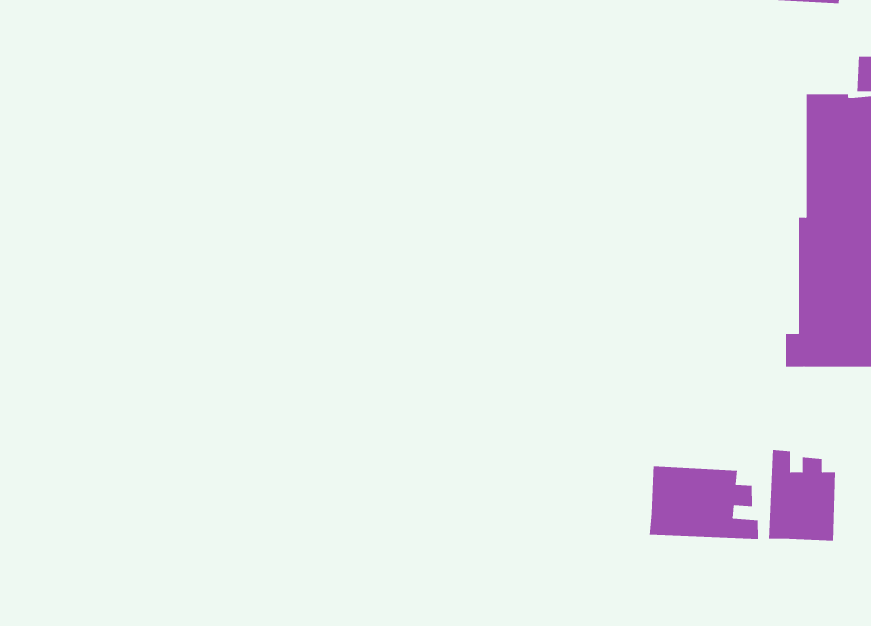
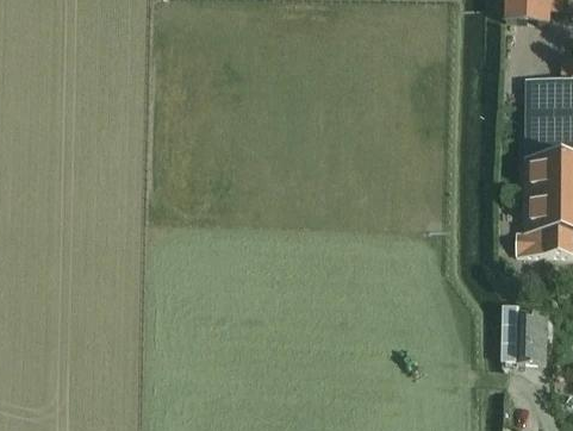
building: [649,466,759,540] -> none

